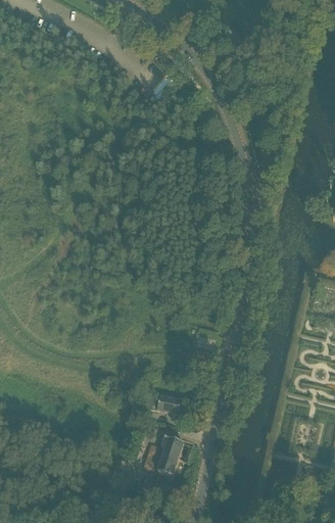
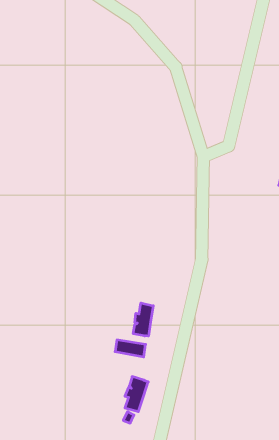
building: none -> [133,303,153,336]

